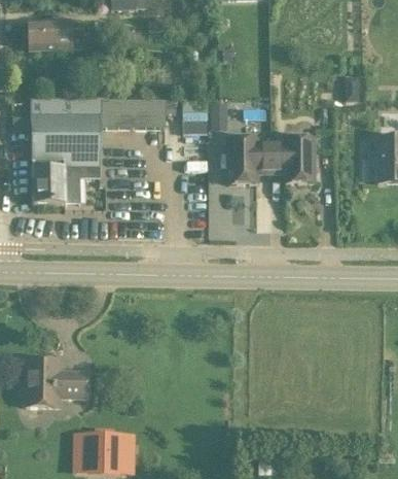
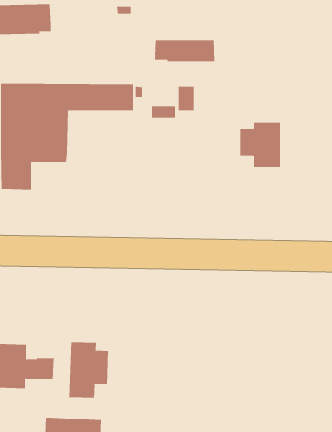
building: none -> [155,40,215,62]
building: [227,138,272,183] -> none
building: none -> [69,341,109,399]

